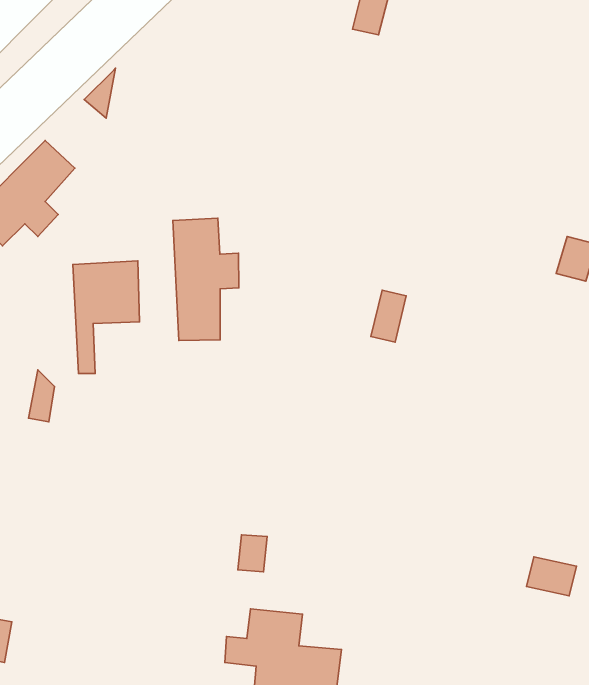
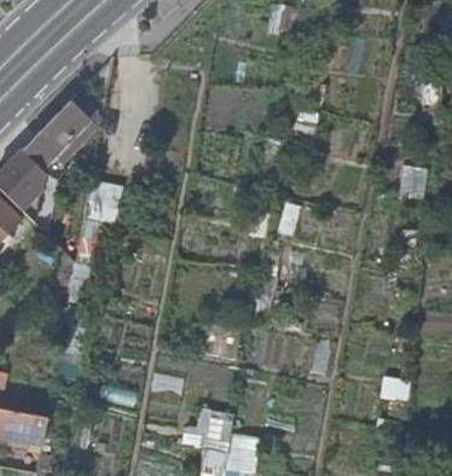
building: [173,218,239,340] -> none

